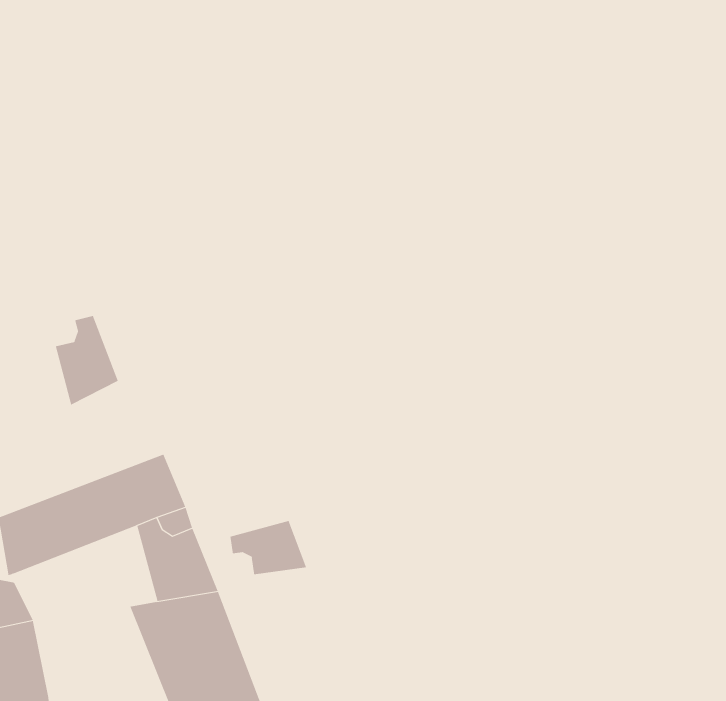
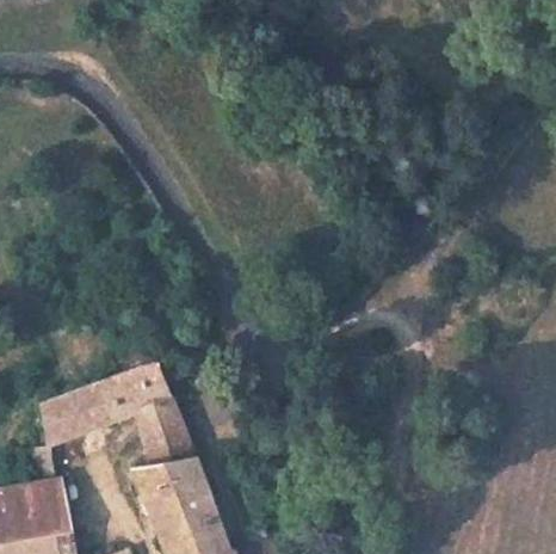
building: [55,315,119,406] -> none
building: [230,520,307,575] -> none

